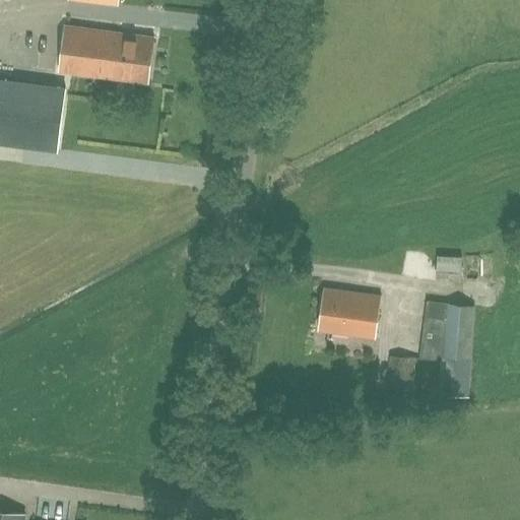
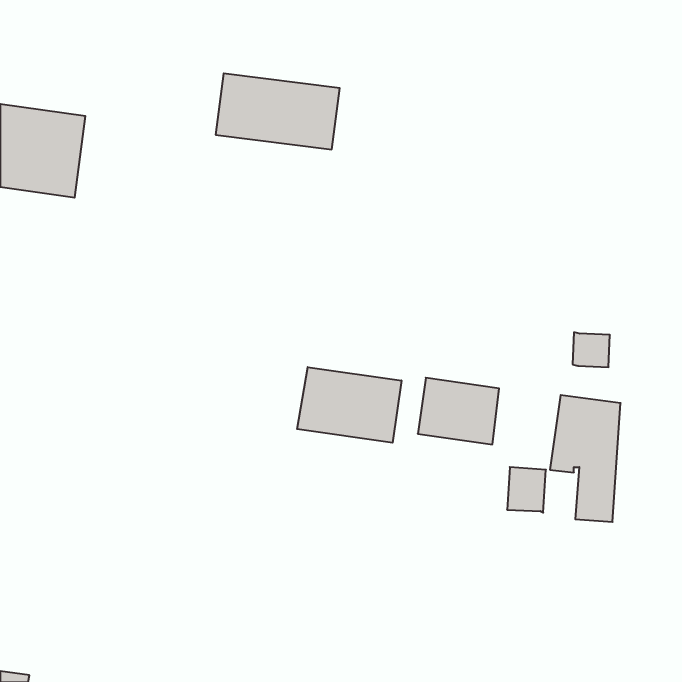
building: [58,25,152,83] -> [216,73,340,149]
building: none -> [297,367,401,443]

